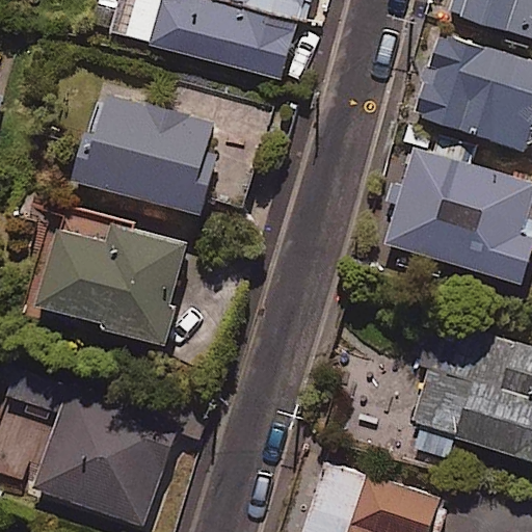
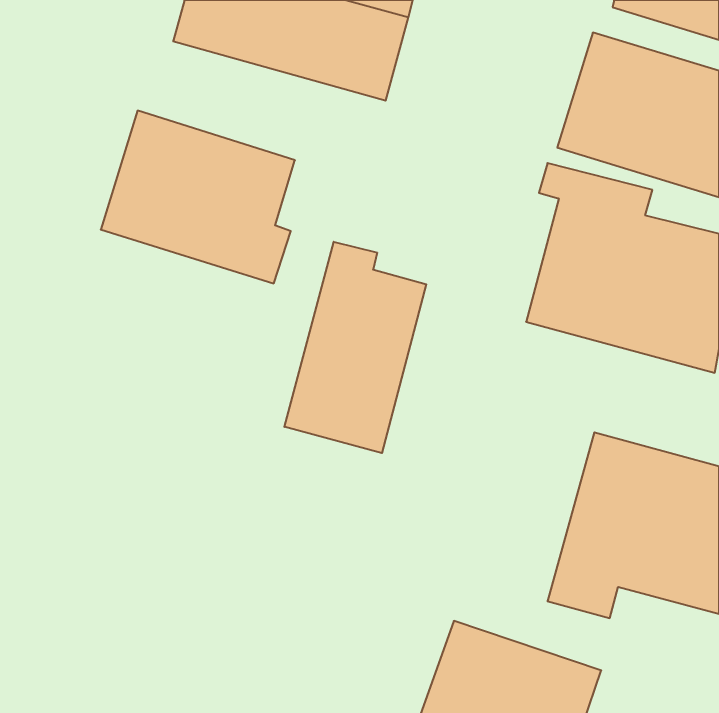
building: none -> [284,242,426,453]
building: [41,221,191,342] -> none
building: [7,379,177,526] -> none

